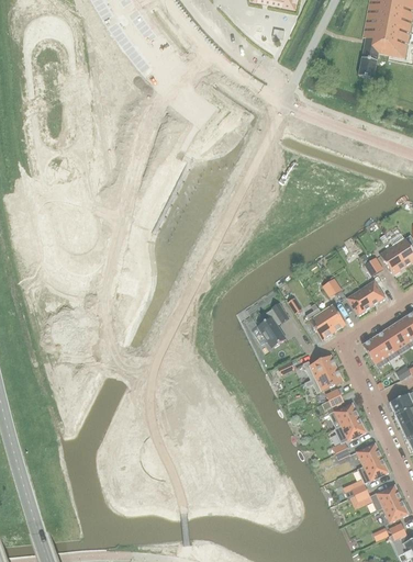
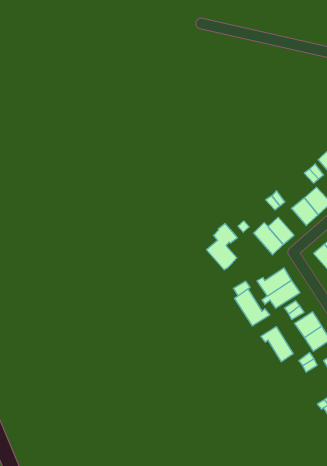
building: none -> [235,289,270,326]
building: none -> [261,327,293,362]

